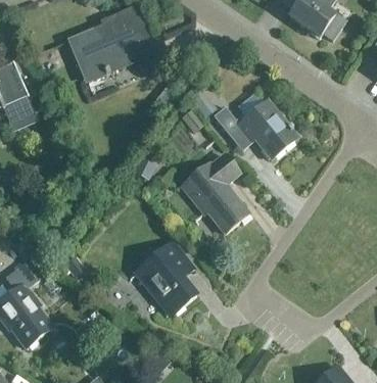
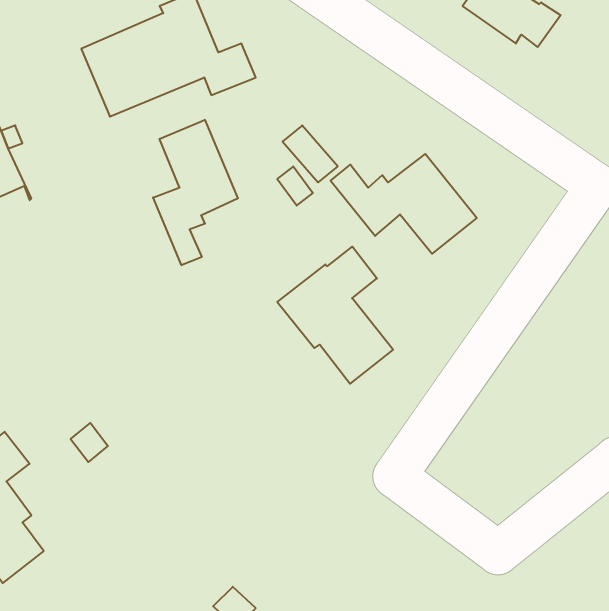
building: none -> [153,120,238,265]
building: [132,238,199,318] -> none

